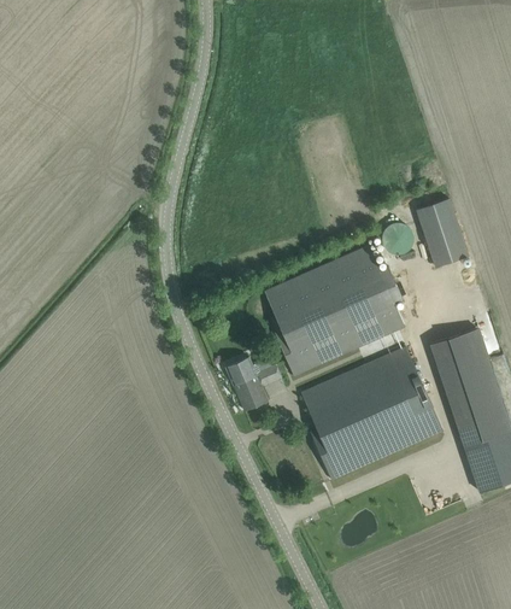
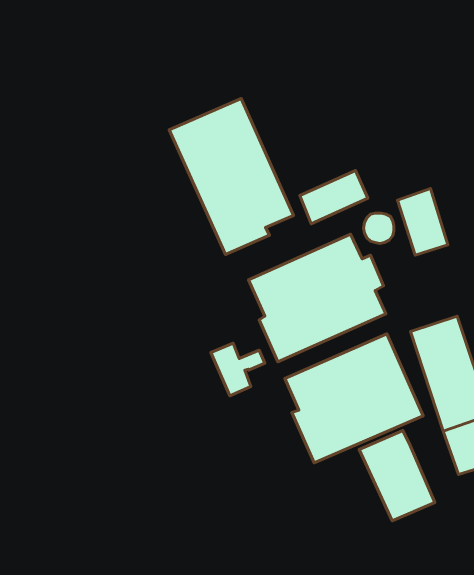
building: none -> [169,98,293,254]
building: none -> [300,170,368,224]
building: none -> [359,430,435,521]

